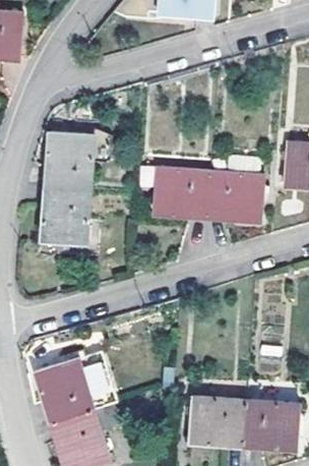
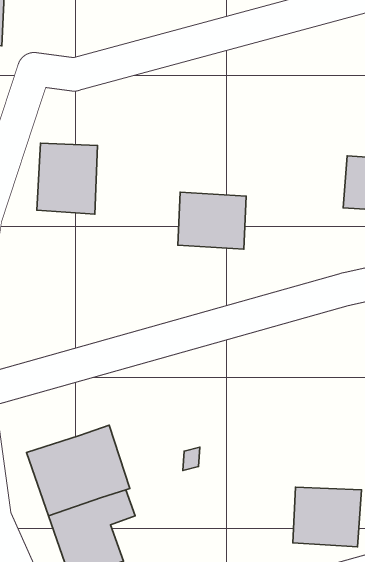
building: [206,174,261,220] -> none
building: [42,185,89,242] -> none
building: [191,400,247,447] -> none

